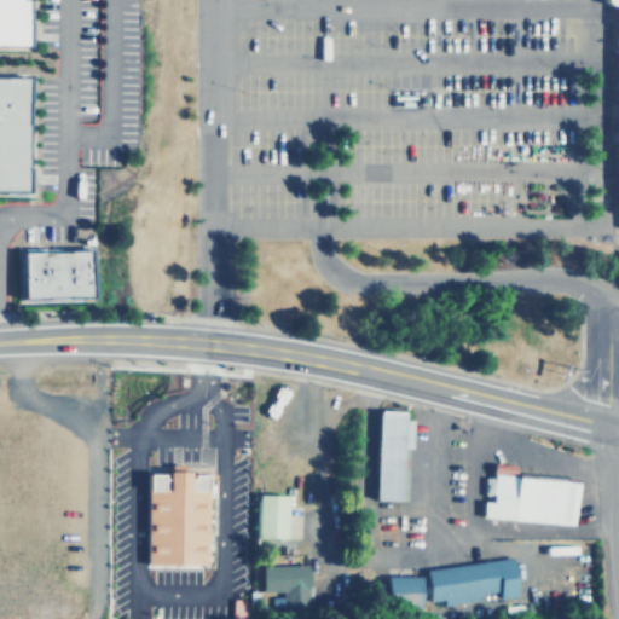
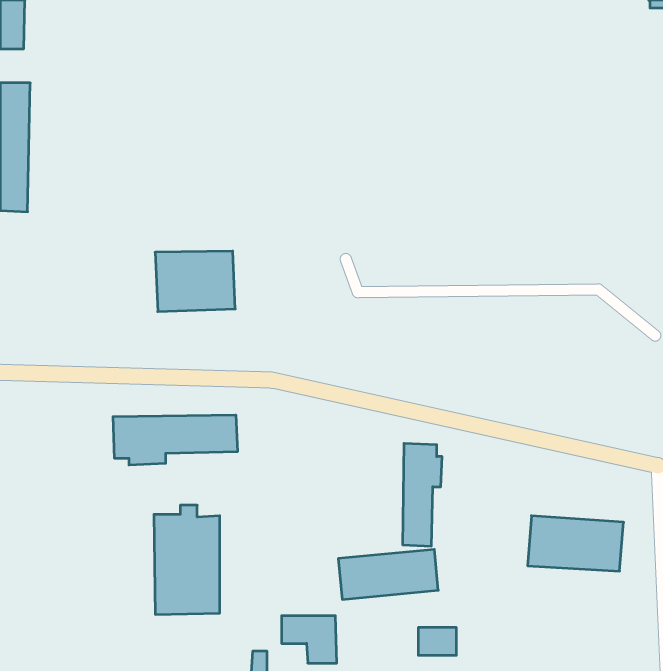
building: [21,248,94,303] -> [155,251,235,312]
building: none -> [113,415,237,465]
building: [260,496,291,539] -> none
building: [432,561,523,607] -> [338,549,438,599]

